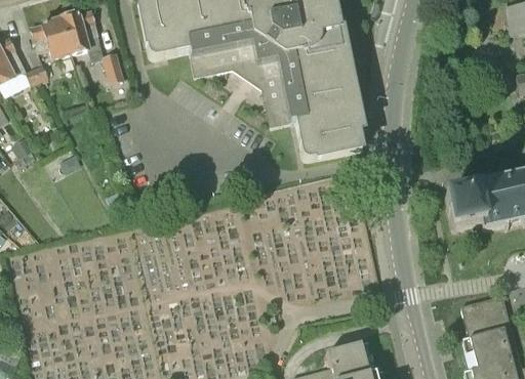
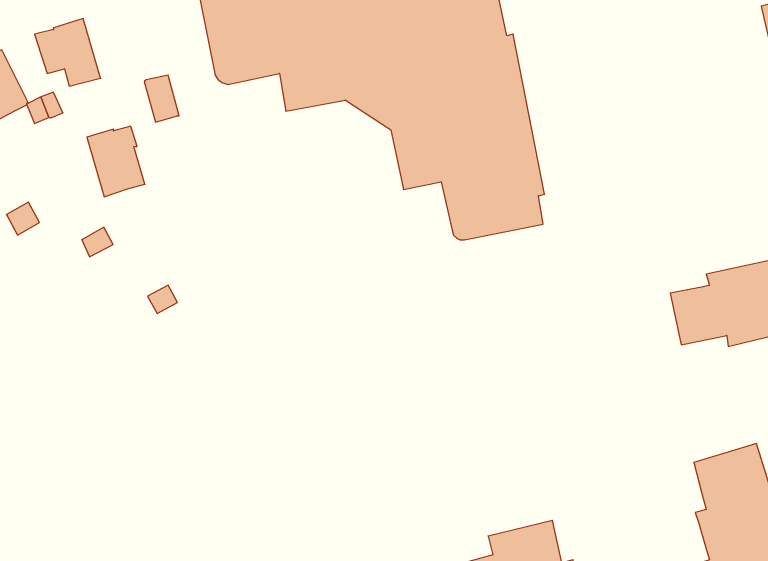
building: [63,8,100,54] -> [87,126,145,197]

